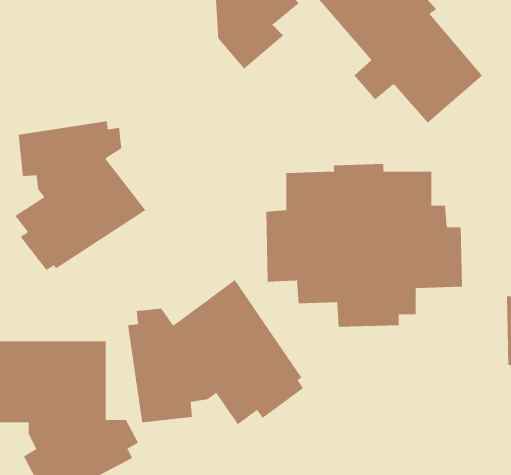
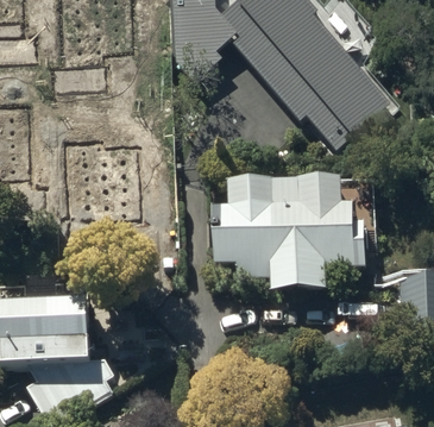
building: [15,120,146,271] -> none
building: [128,279,304,425] -> none

